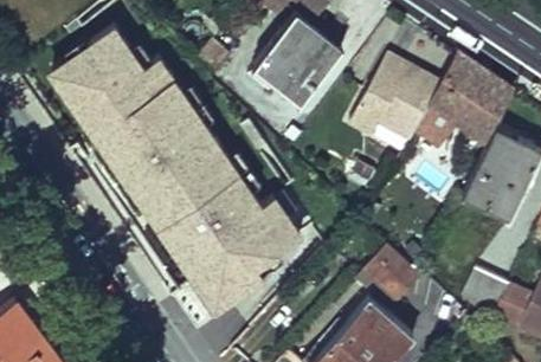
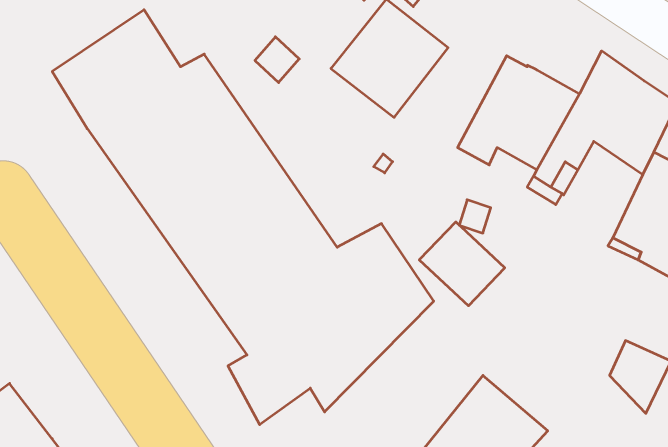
building: [358,244,421,306] -> [419,222,505,306]

